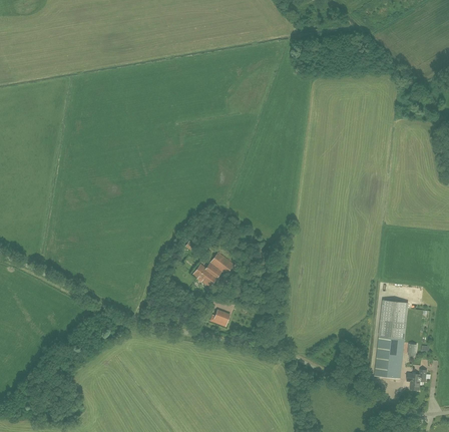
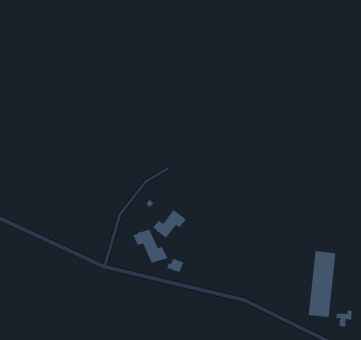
building: none -> [132,229,168,263]

